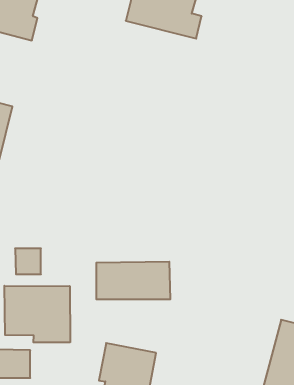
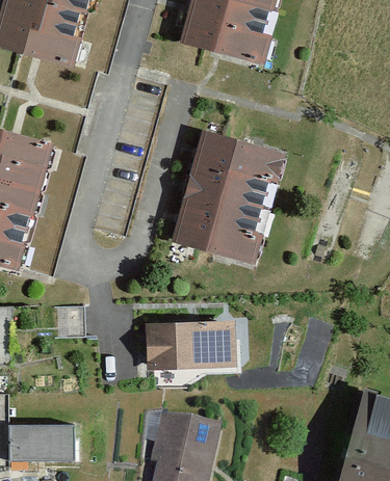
building: none -> [174,132,284,263]
building: [4,286,70,342] -> none

